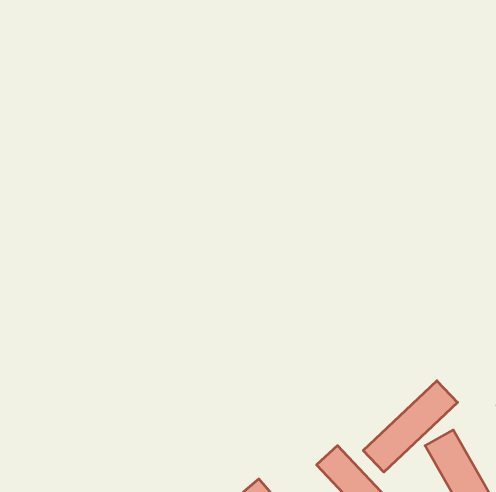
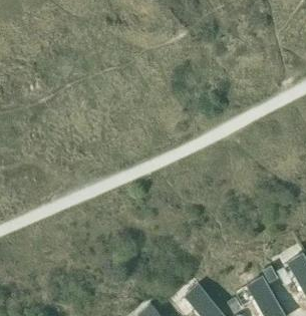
building: [363,381,458,472] -> none

